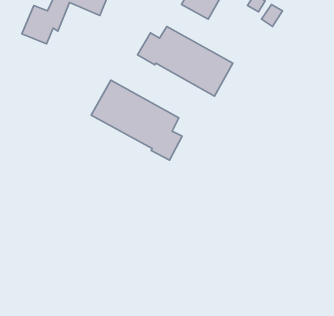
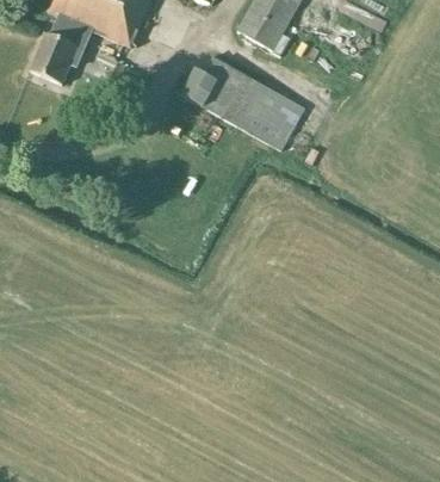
building: [91,80,182,160] -> none

